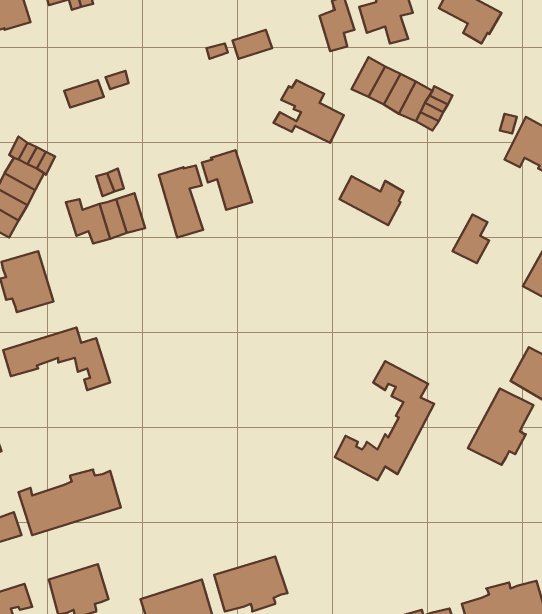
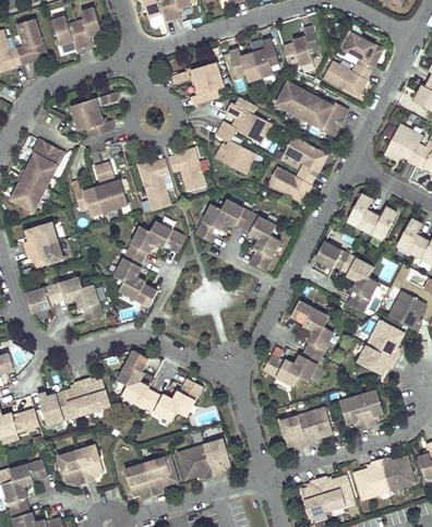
building: none -> [228,49,260,82]
building: none -> [322,62,368,96]
building: none -> [190,75,223,106]
building: none -> [74,110,112,136]
building: none -> [214,129,254,173]
building: none -> [279,136,326,178]
building: none -> [196,197,280,267]
building: none -> [364,207,397,239]
building: none -> [115,219,187,304]
building: none -> [315,240,379,311]
building: none -> [118,349,201,420]
building: none -> [340,390,383,428]
building: none -> [279,406,333,447]

